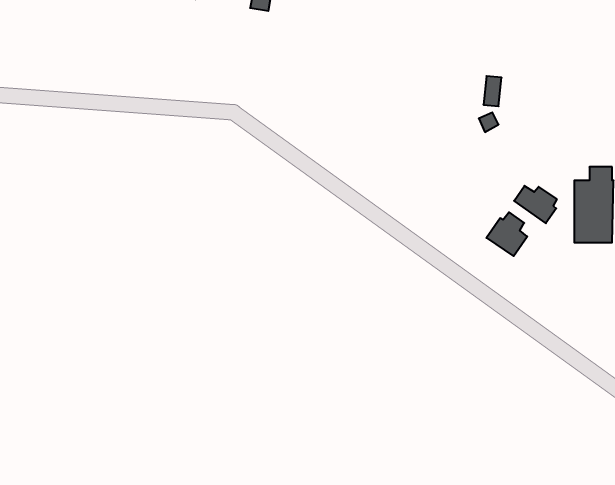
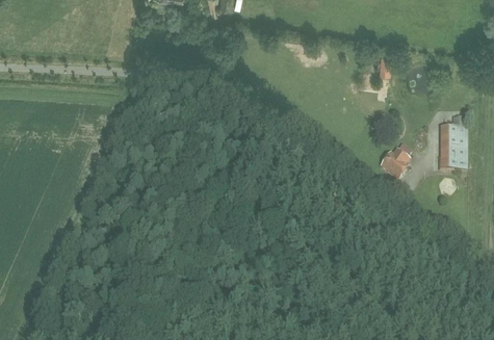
building: [514,186,557,223] -> none

